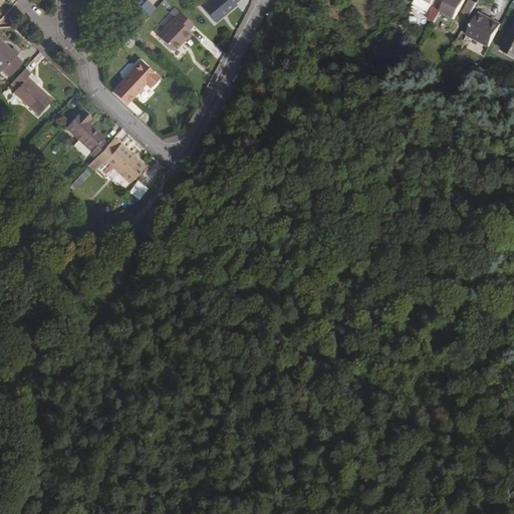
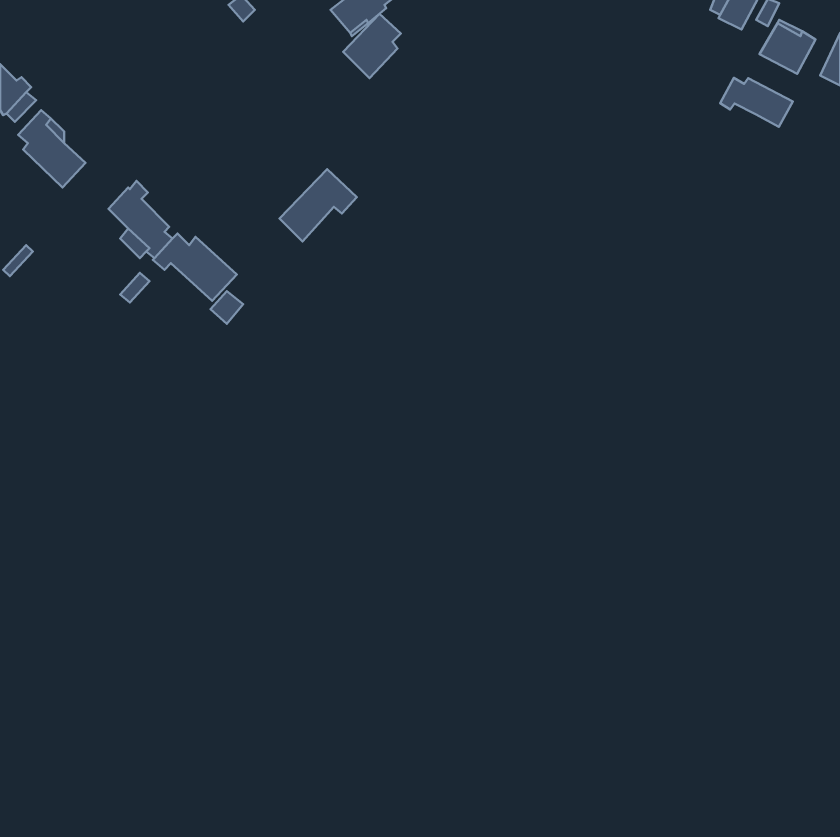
building: [158,12,193,51] -> [343,14,401,78]
building: none -> [720,78,793,127]
building: [112,61,160,105] -> [280,169,357,241]

